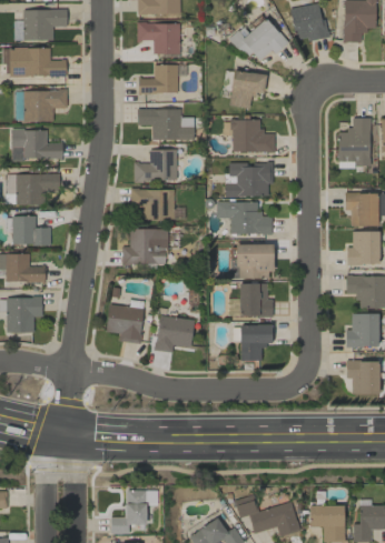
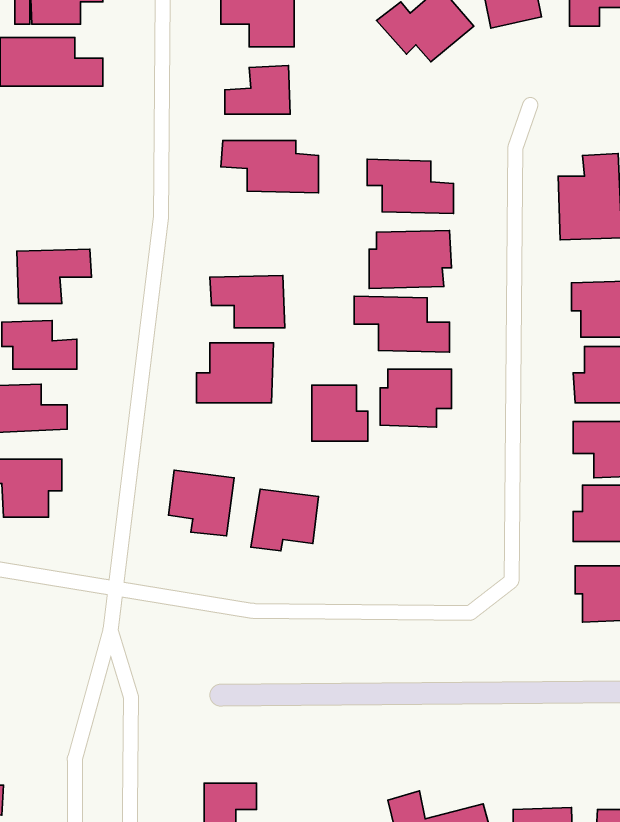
building: [224,70,267,108] -> none
building: [23,90,67,122] -> none
building: [11,129,62,159] -> none
building: [134,149,176,181] -> none
building: [240,283,274,316] -> [312,385,368,441]
building: [240,324,274,361] -> none

